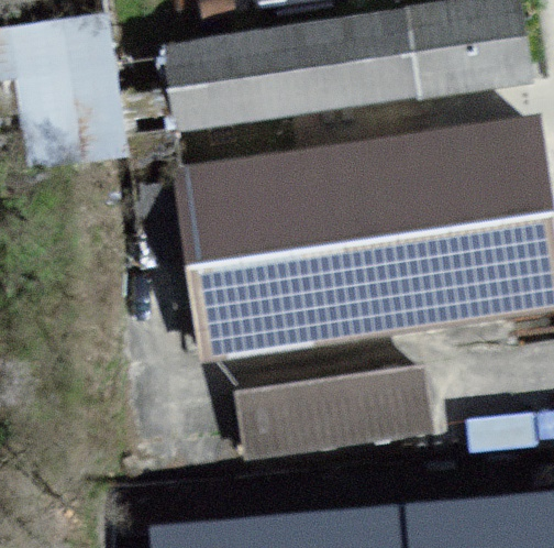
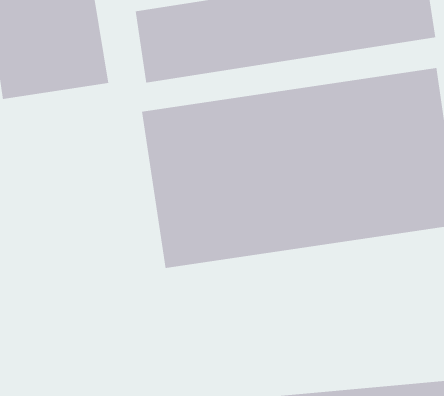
building: [235,366,431,459] -> none

